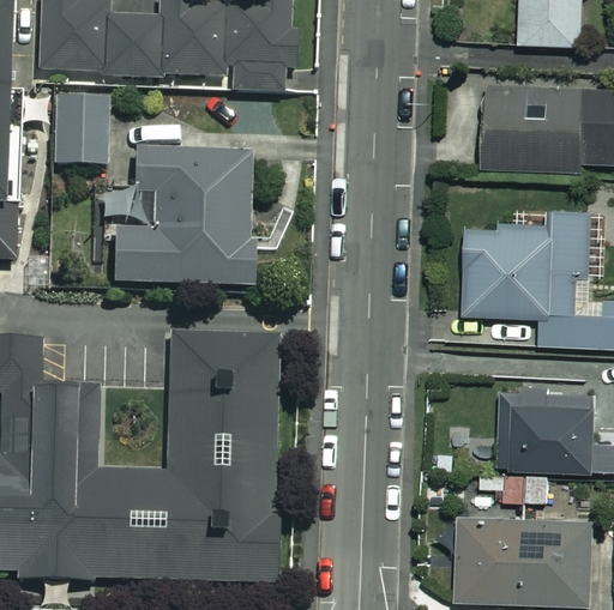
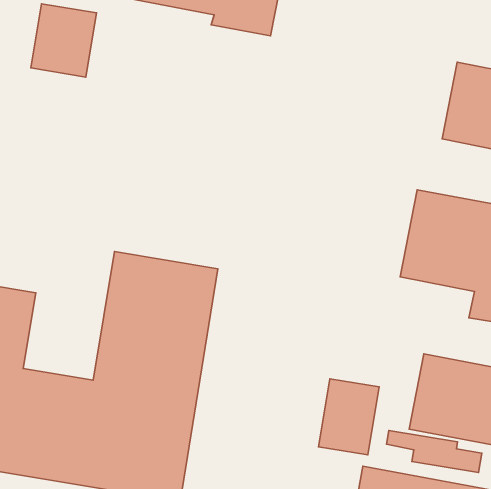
building: [94,147,254,285] -> none
building: none -> [318,379,379,455]

